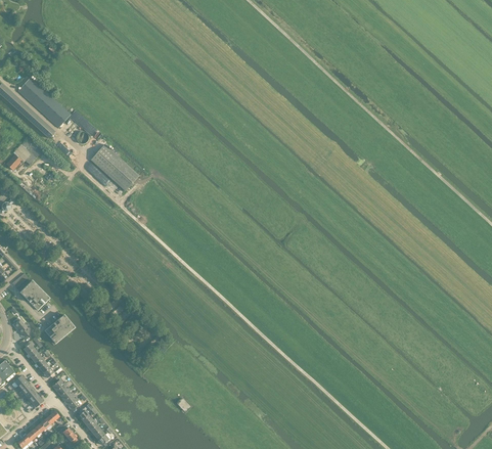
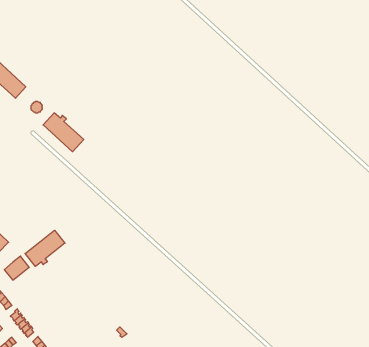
building: none -> [25,230,65,266]

